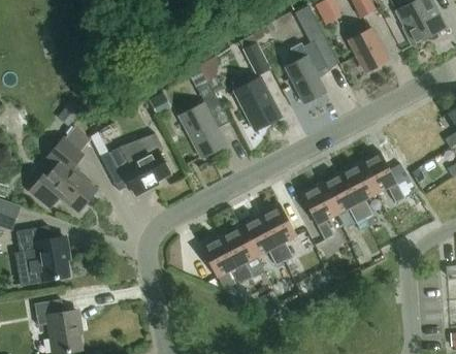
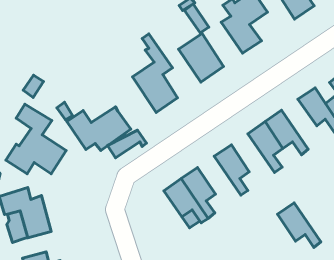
building: [121,133,164,161] -> [108,130,146,158]
building: [340,161,378,218] -> none
building: [240,214,285,265] -> [278,203,321,247]

